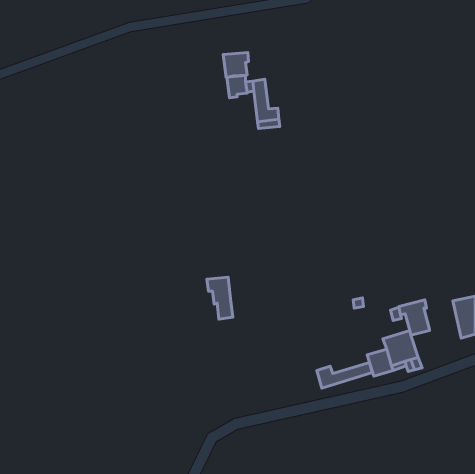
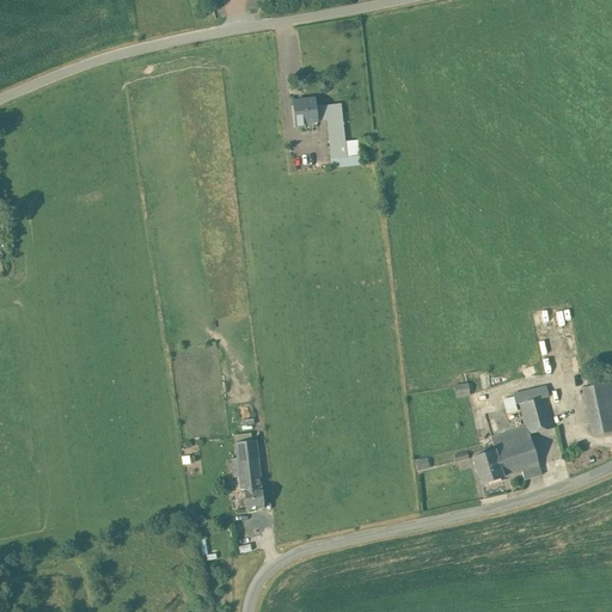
building: [223,52,249,77] -> none
building: [207,277,233,319] -> [231,454,264,508]
building: [317,362,372,388] -> none

